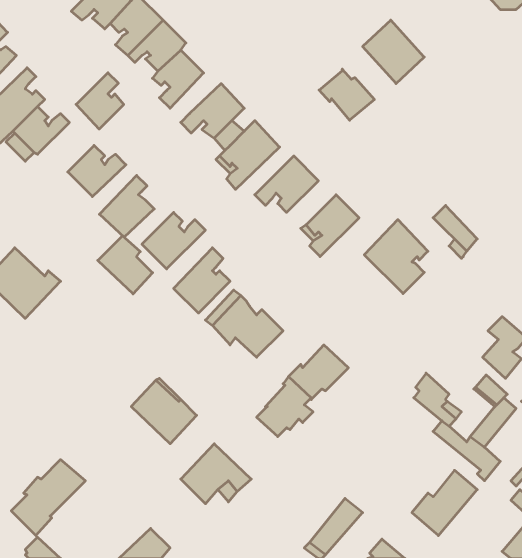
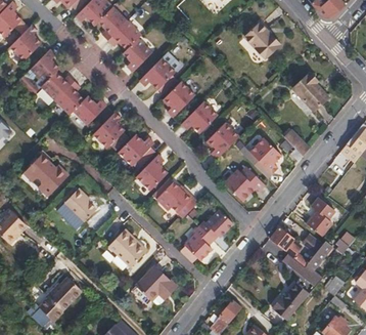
building: [319,69,374,120] -> none
building: [76,73,124,129] -> [55,81,83,114]
building: none -> [292,71,328,110]
building: [98,236,153,294] -> [65,189,97,222]
building: none -> [225,166,267,202]

